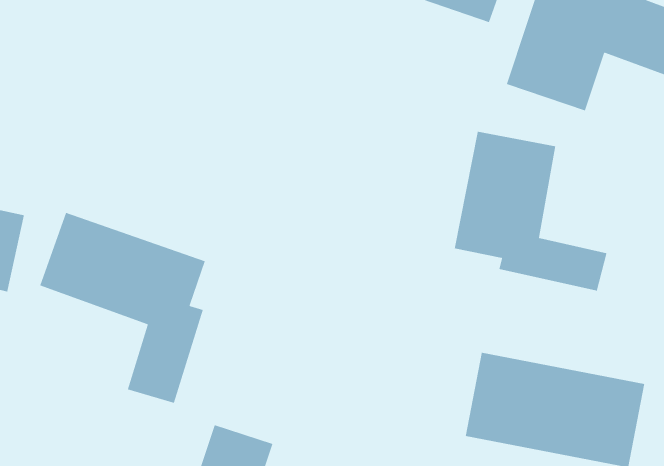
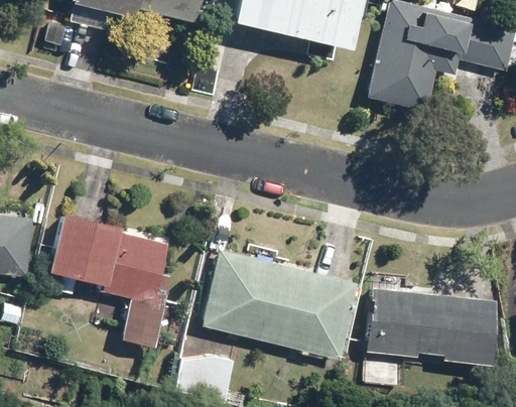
building: [454,131,608,292] -> none
building: none -> [202,253,357,360]

